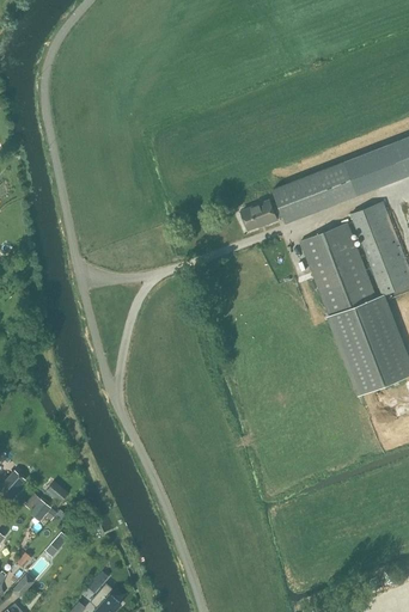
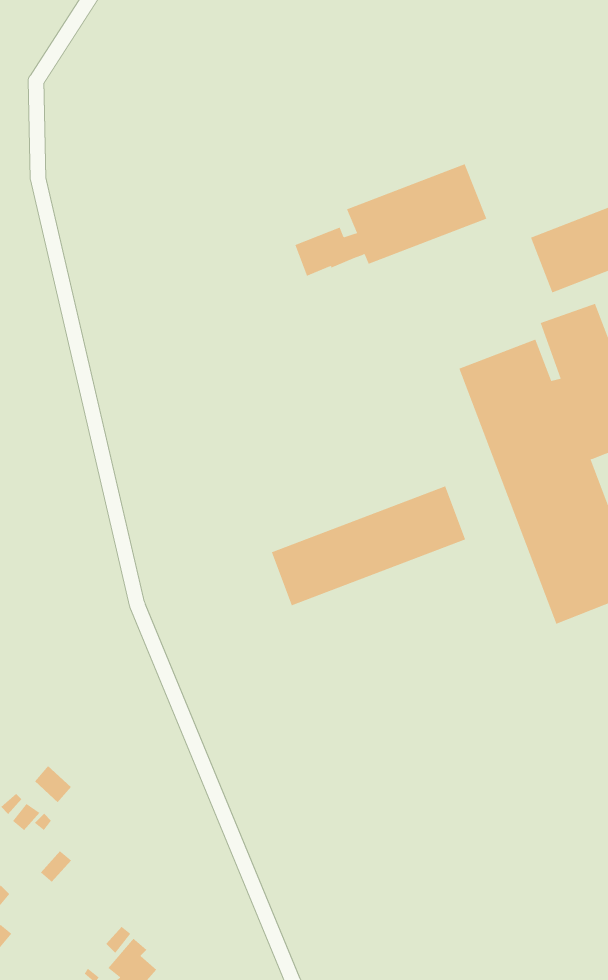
building: [242,161,358,230] -> [295,163,487,276]
building: none -> [271,485,466,606]

